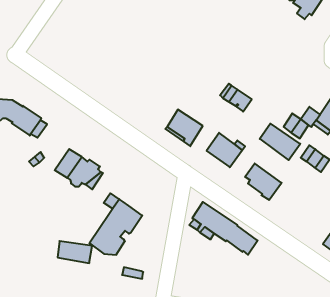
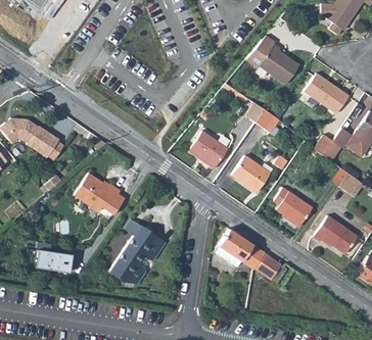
building: none -> [246,35,300,84]
building: [260,124,300,160] -> [306,74,348,112]
building: none -> [314,215,358,253]
building: [58,241,92,263] -> [33,248,69,272]

